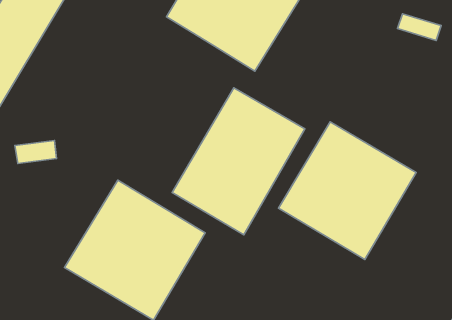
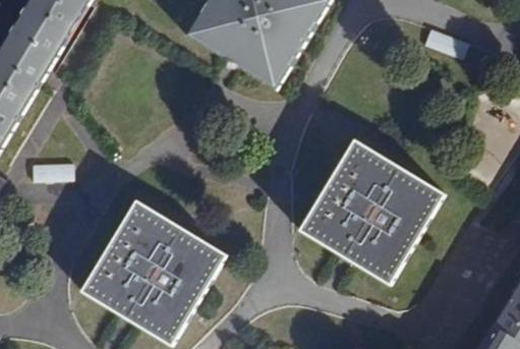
building: [172,88,305,235] -> none

